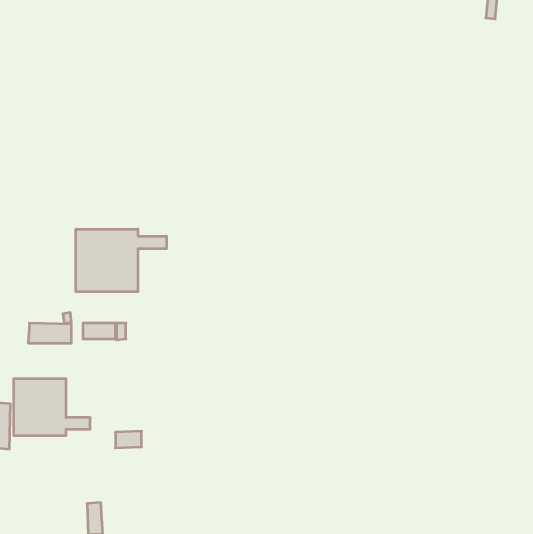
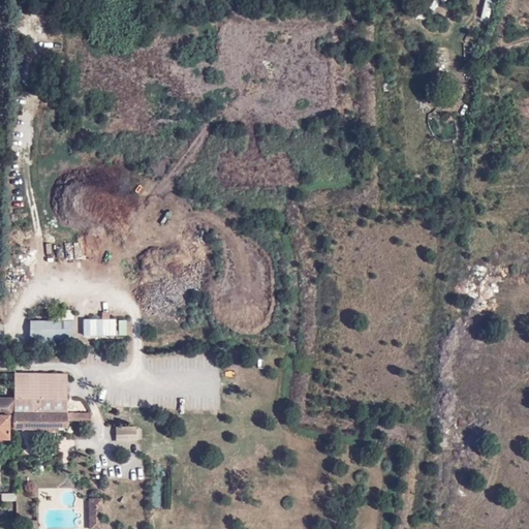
building: [76,229,166,292] -> none

